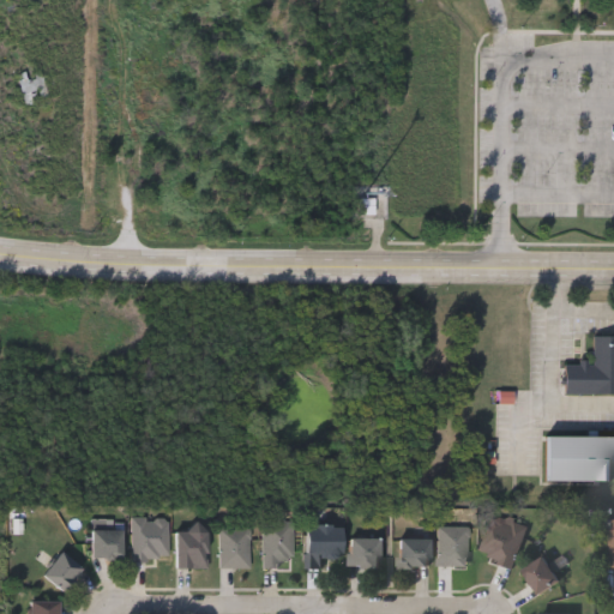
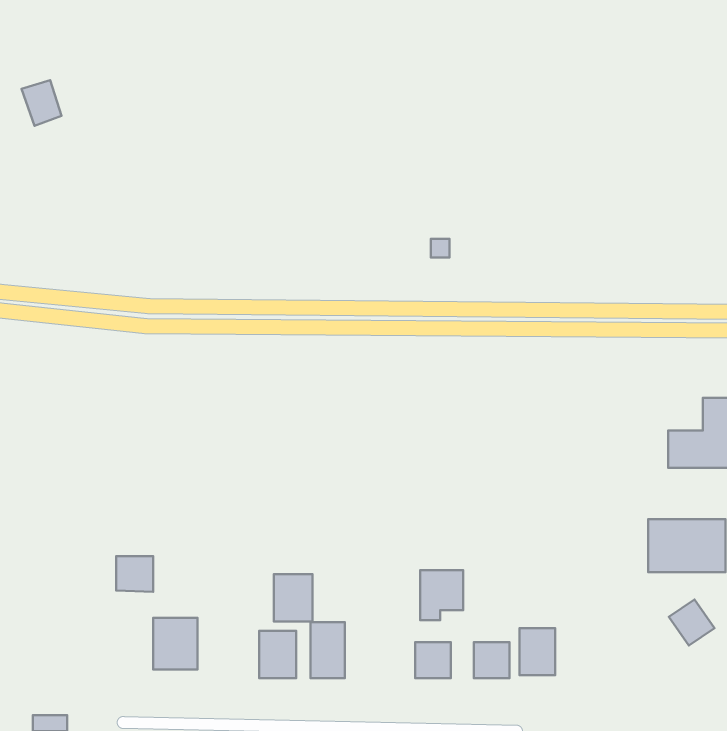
building: [480,516,529,566] -> none
building: [308,526,344,568] -> [420,570,463,620]
building: [176,529,209,568] -> [274,574,312,621]
building: [92,530,124,560] -> [116,556,153,592]
building: [43,552,83,592] -> none
building: [524,558,562,596] -> [669,600,715,645]

